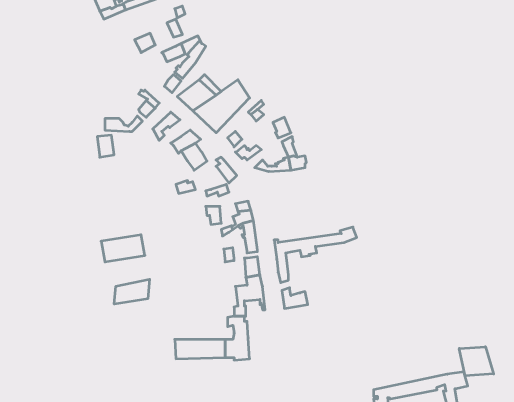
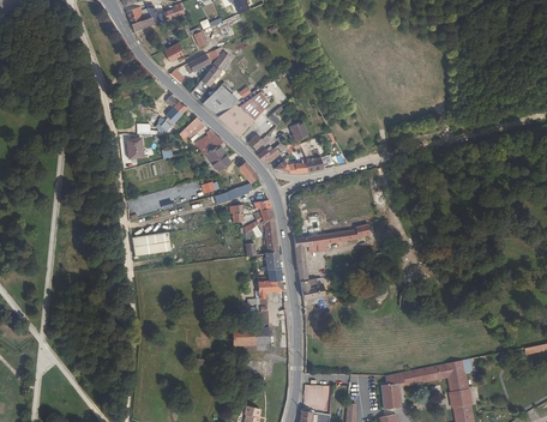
building: [114,279,150,304] -> none
building: [459,347,494,376] -> none

